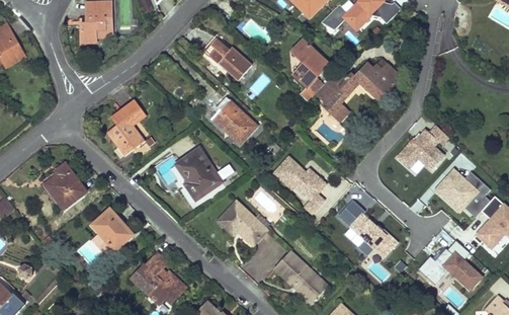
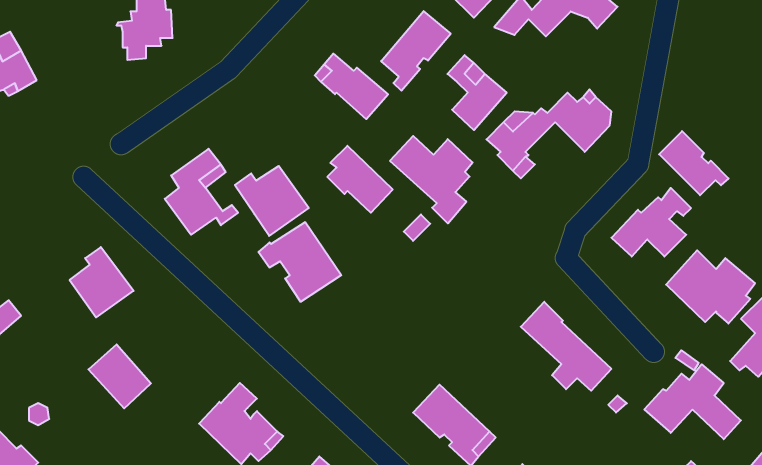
building: none -> [381,11,451,91]
building: none -> [659,131,729,195]
building: none -> [235,166,309,236]
building: [275,158,329,215] -> [390,136,473,223]
building: [215,203,264,247] -> none
building: [93,210,134,251] -> [88,344,151,408]

